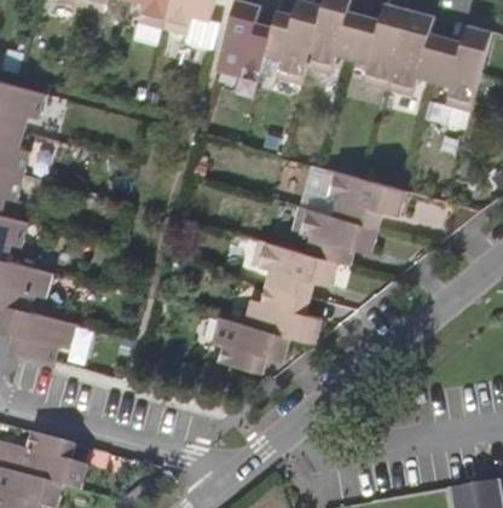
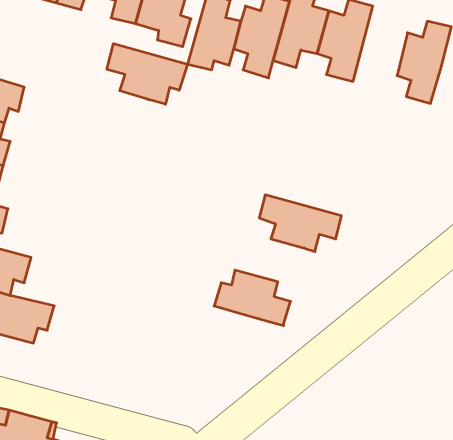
building: [388,10,445,94] -> none
building: none -> [107,44,187,104]
building: [296,163,404,229] -> none
building: [250,241,337,298] -> none
building: [212,317,290,373] -> none

